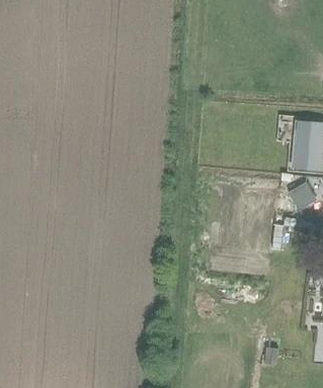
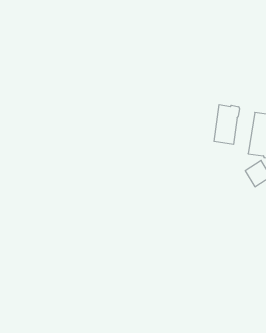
building: none -> [214,105,240,144]

